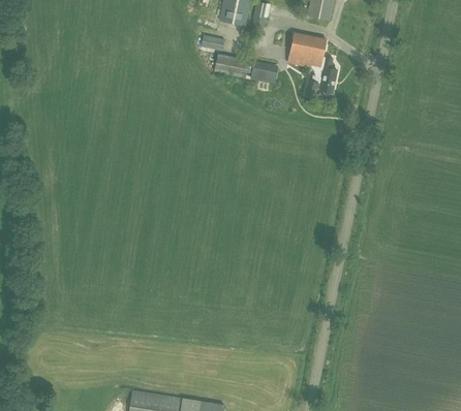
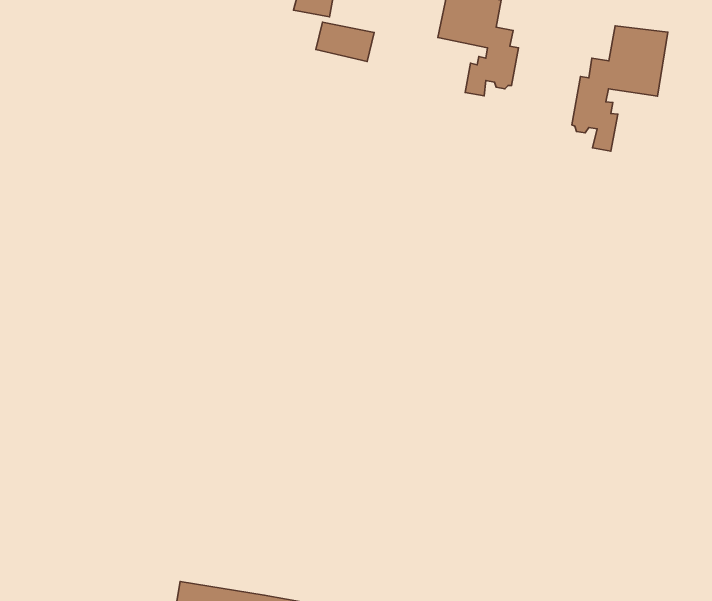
building: none -> [572,26,668,151]
building: [249,61,278,83] -> none

